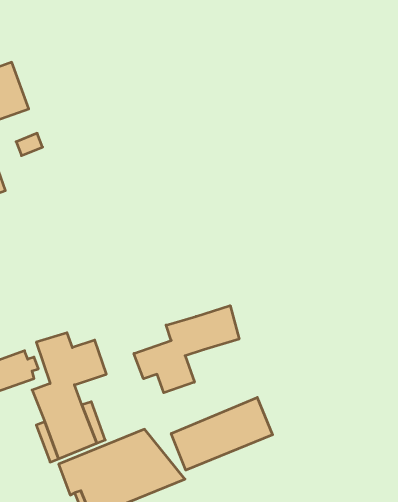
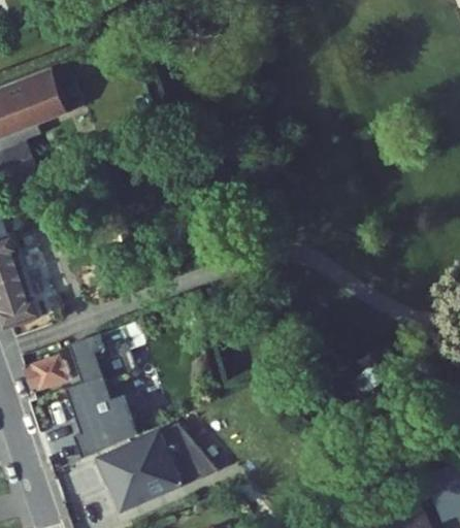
building: [134,306,239,393] -> none
building: [171,397,273,470] -> none

